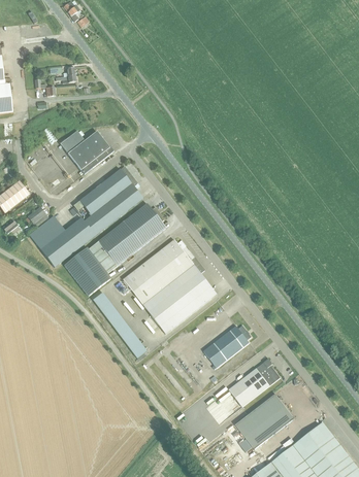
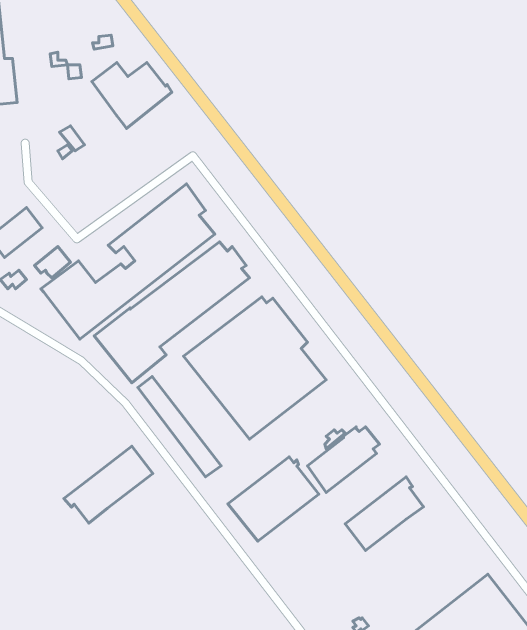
building: [60,132,112,175] -> [92,63,172,128]
building: none -> [64,446,153,523]
building: [234,395,294,450] -> [228,457,319,541]

